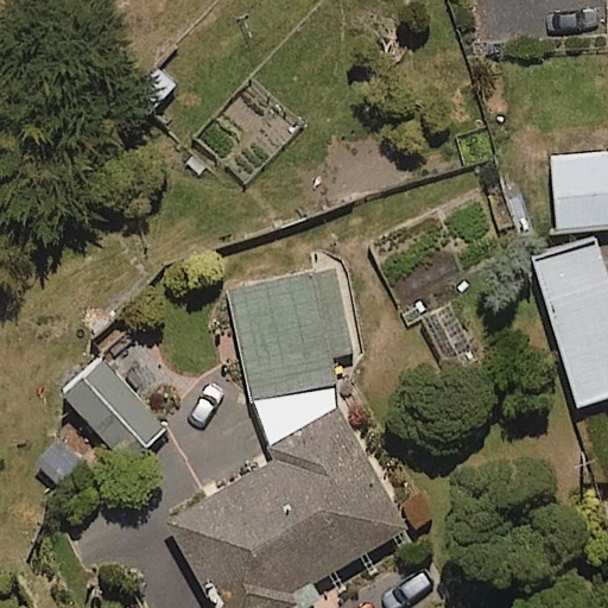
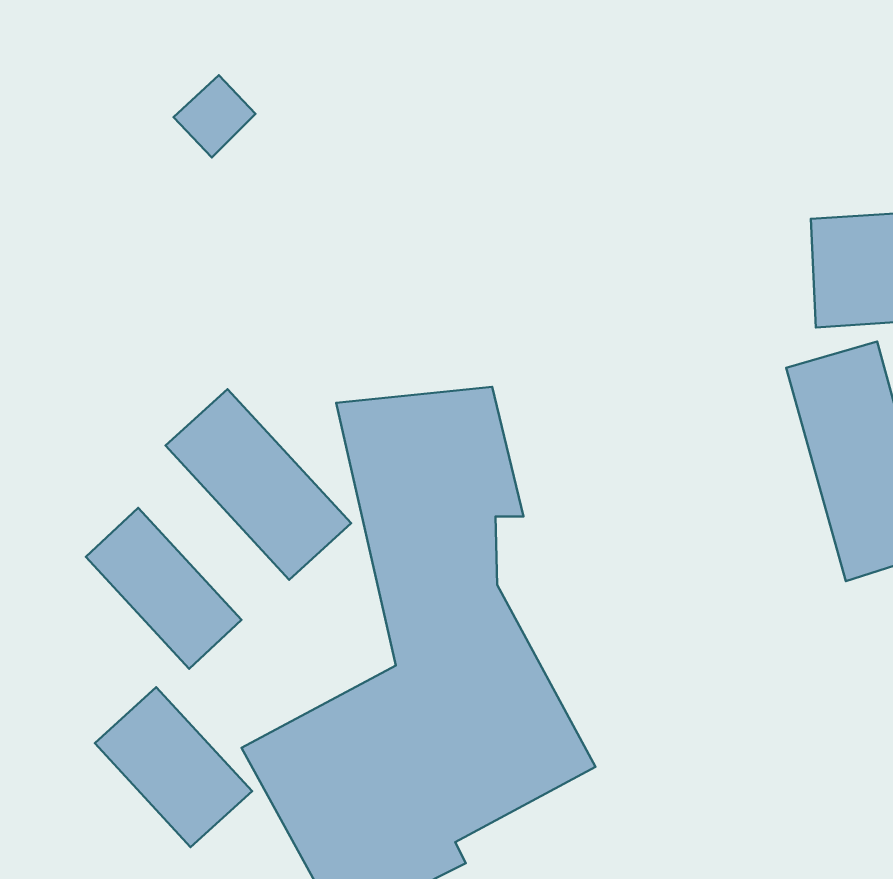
building: none -> [166,389,351,580]
building: none -> [95,687,252,847]

